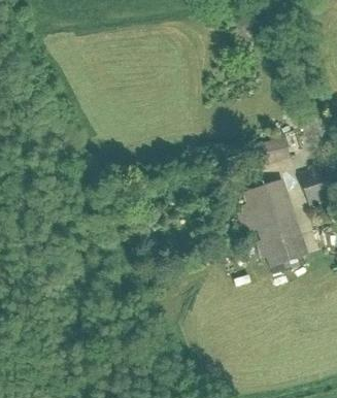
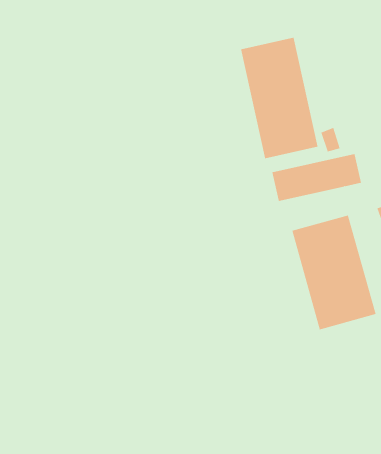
building: none -> [240,37,318,159]

